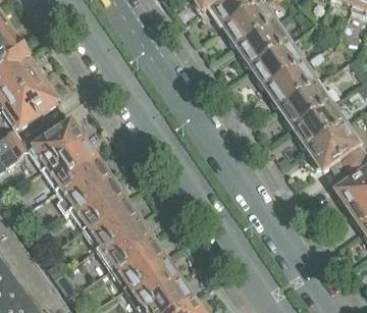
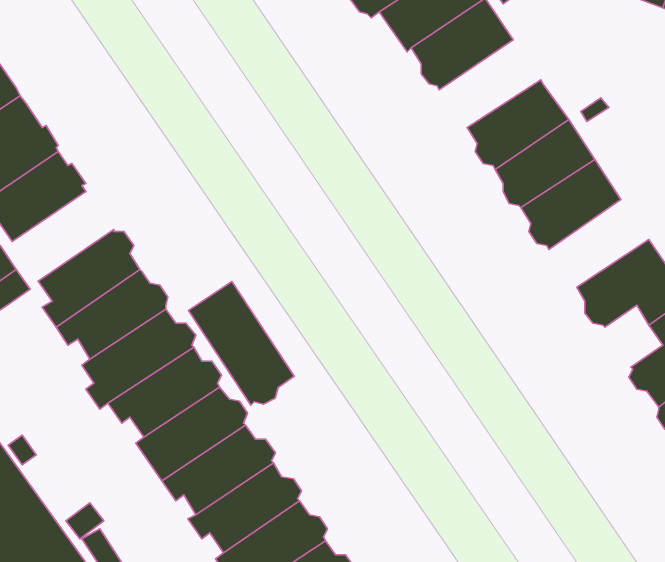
building: [238,21,290,66] -> none
building: [294,103,345,148] -> none
building: none -> [189,282,294,405]

